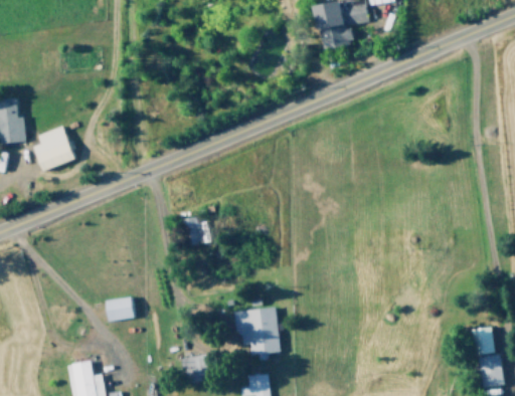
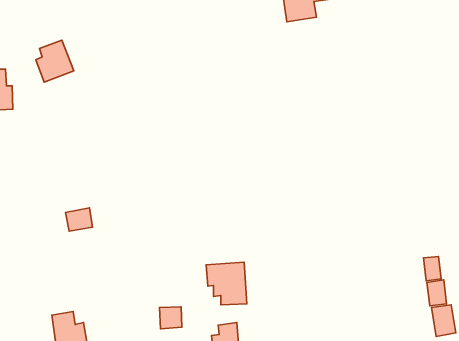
building: [33,126,74,171] -> [36,40,74,82]
building: [185,216,211,245] -> none
building: [105,296,134,322] -> [65,208,92,231]
building: none -> [423,256,441,281]

